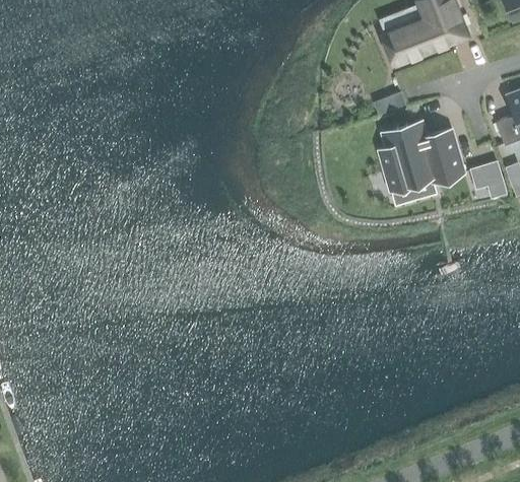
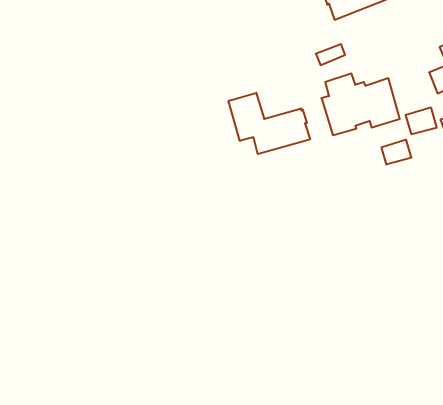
building: none -> [228,93,310,154]
building: none -> [382,140,411,165]

